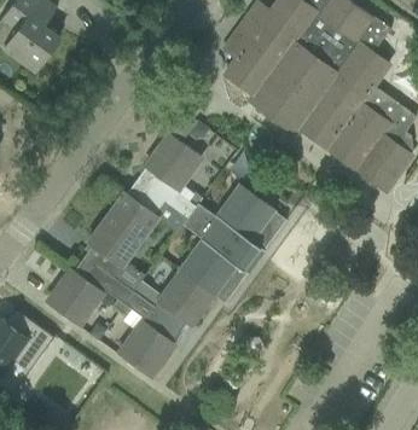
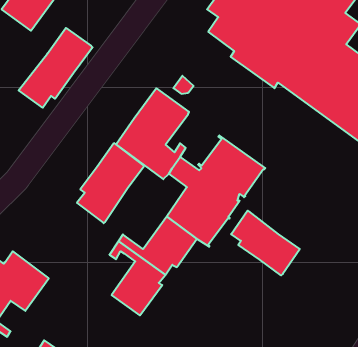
building: none -> [19,28,93,108]
building: [47,256,133,325] -> none
building: none -> [231,211,300,275]

